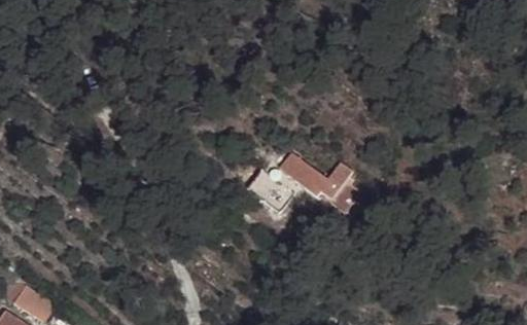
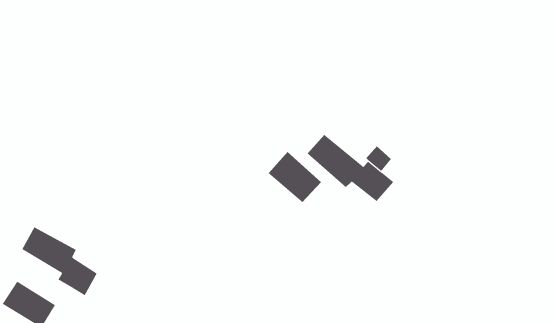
building: none -> [21,226,98,296]

